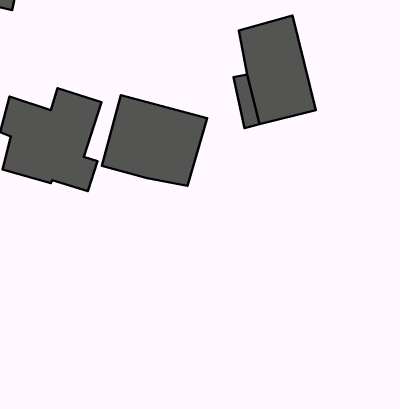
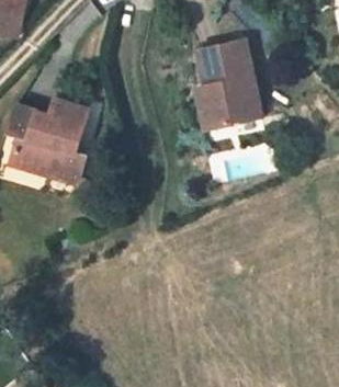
building: [102,95,207,186] -> none

